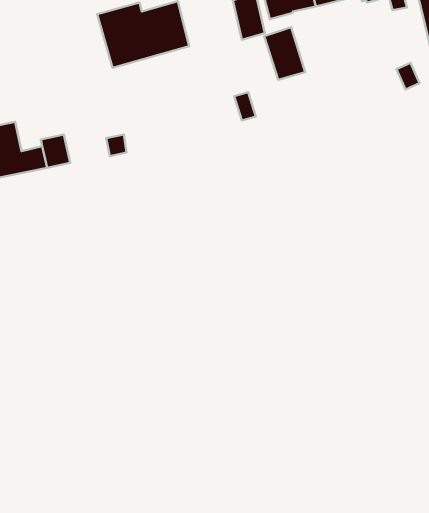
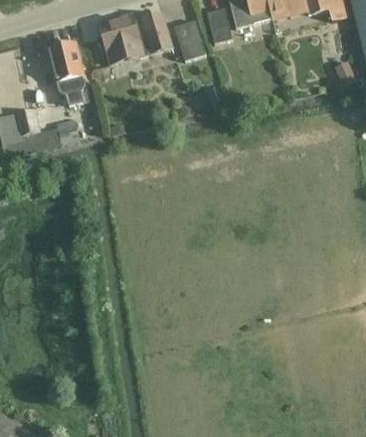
building: [264,27,305,80] -> [174,20,206,61]
building: none -> [49,42,84,96]

